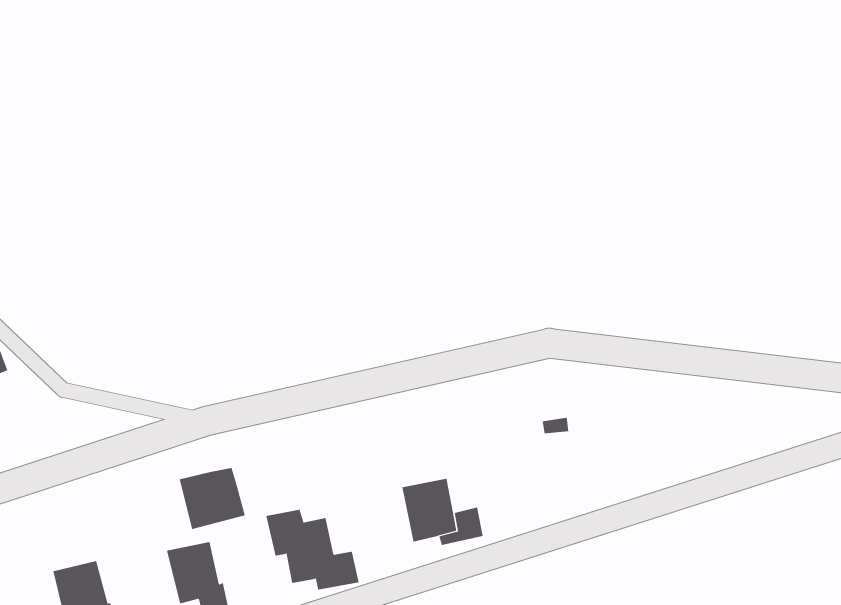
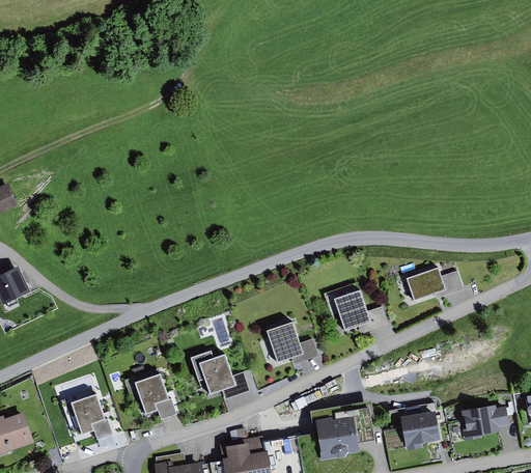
building: none -> [406,268,463,300]
building: none -> [332,289,386,331]
building: [179,467,245,530] -> none

